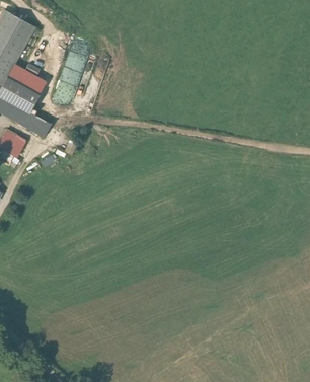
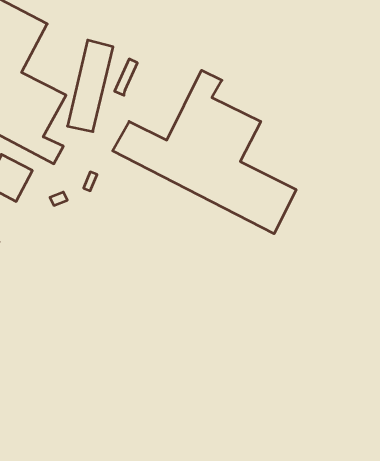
building: none -> [113,70,296,234]

